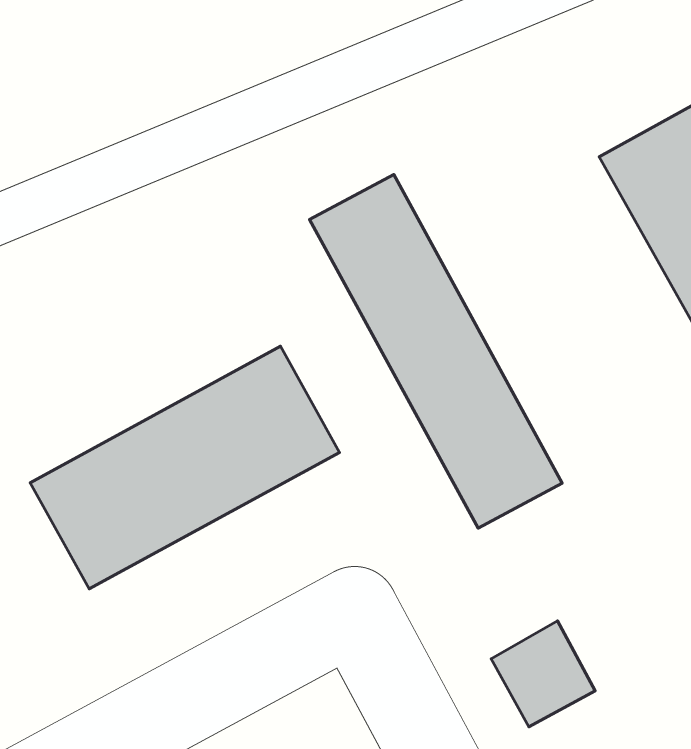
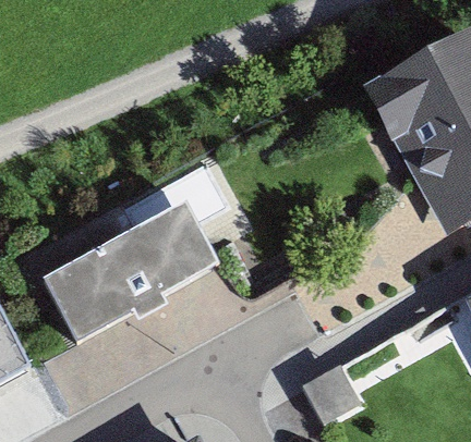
building: [310,175,562,528] -> none

